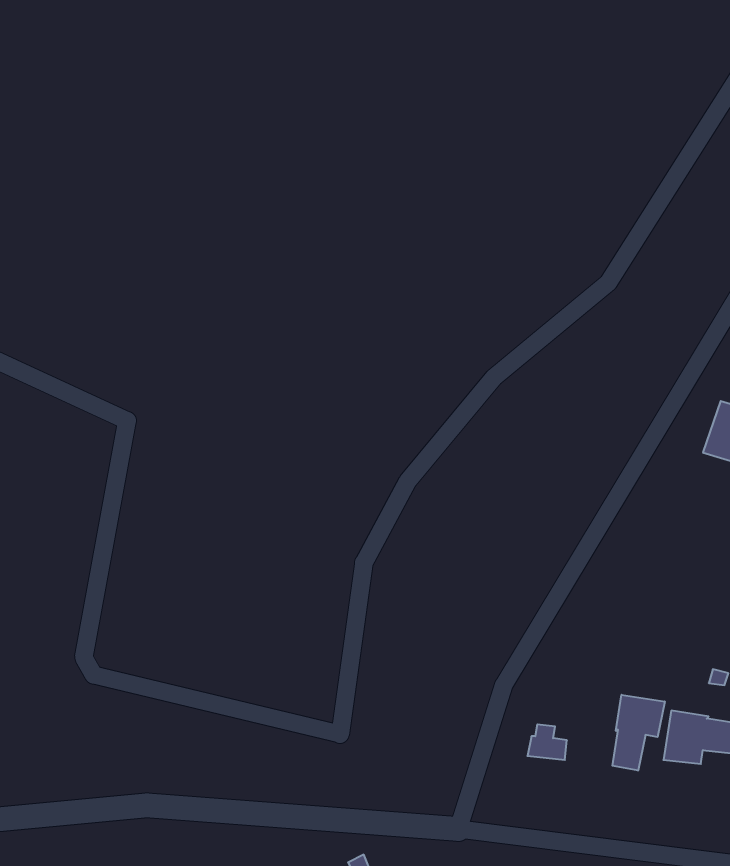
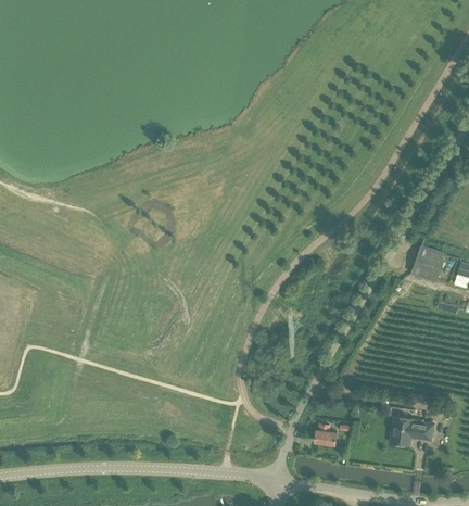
building: [612,695,665,771] -> none

